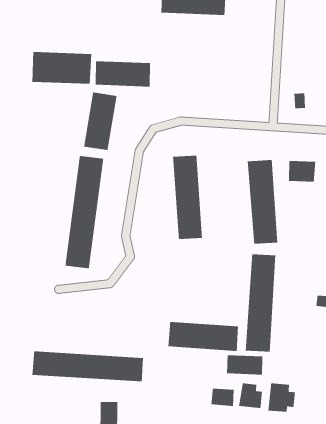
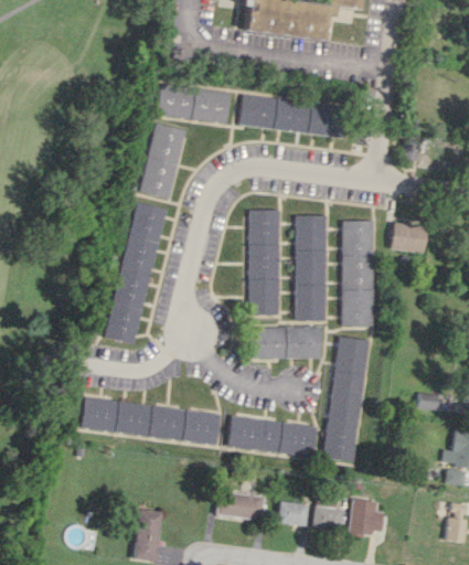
building: [32,51,92,85] -> none
building: none -> [236,95,343,137]
building: none -> [294,215,327,320]
building: none -> [254,327,321,359]
building: [31,351,144,382] -> [79,397,221,445]
building: [226,354,263,375] -> [217,491,265,520]

